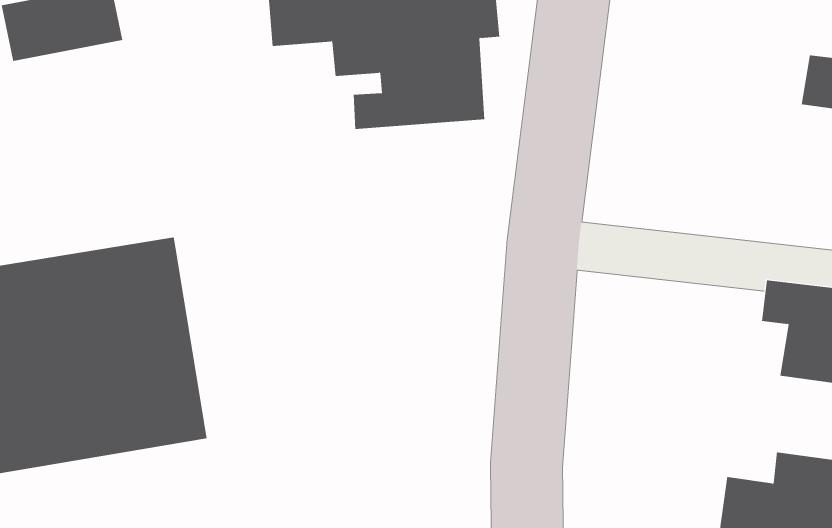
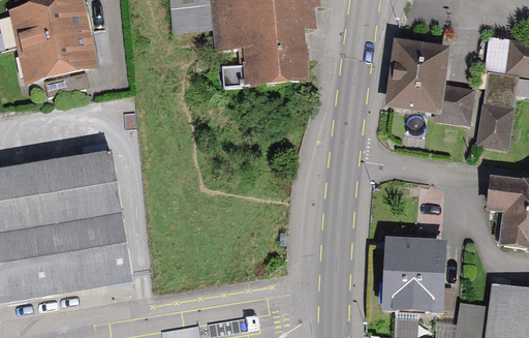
building: none -> [12,30,89,80]
building: none -> [387,41,475,125]
building: none -> [477,72,519,149]
building: none -> [376,240,435,308]

